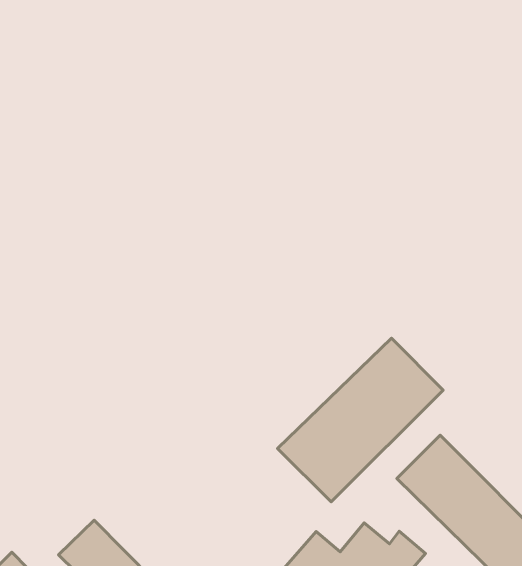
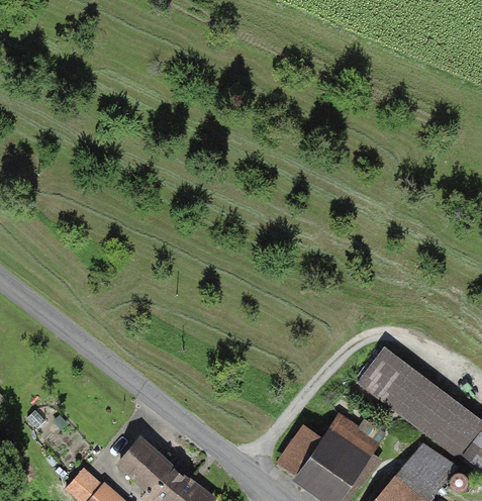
building: [278,338,443,502] -> none

